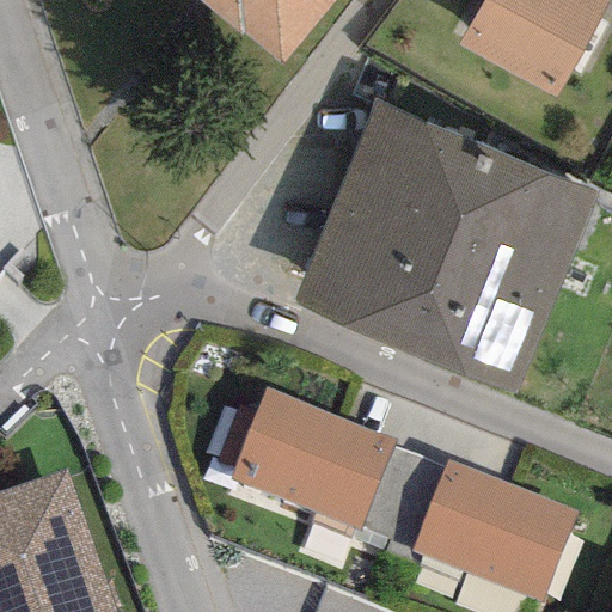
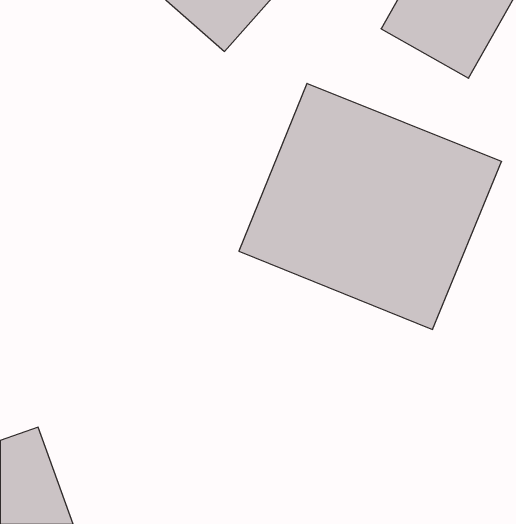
building: [237,398,406,538] -> none
building: [418,466,583,604] -> none

